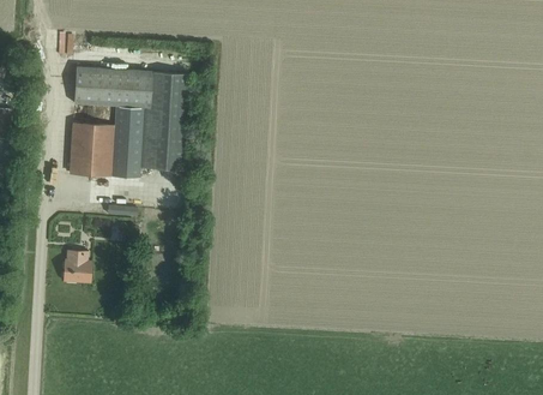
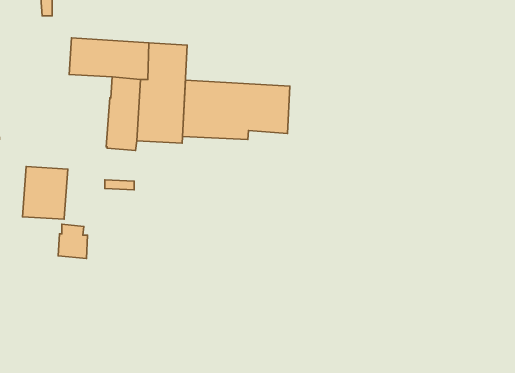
building: none -> [182,80,290,139]
building: [68,122,113,174] -> [23,167,68,219]

